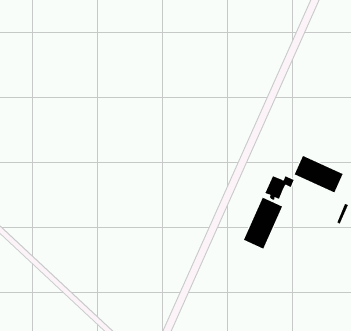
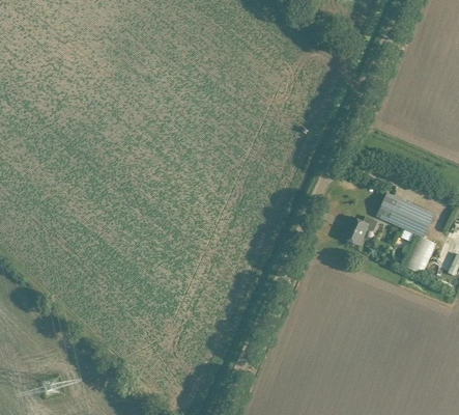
building: [243,197,283,249] -> none

